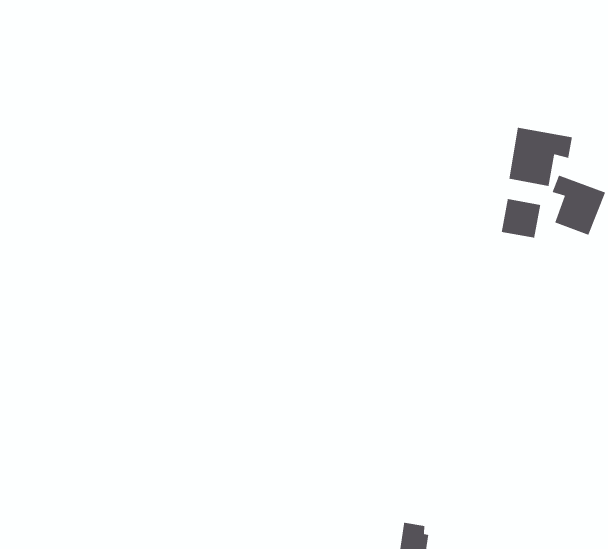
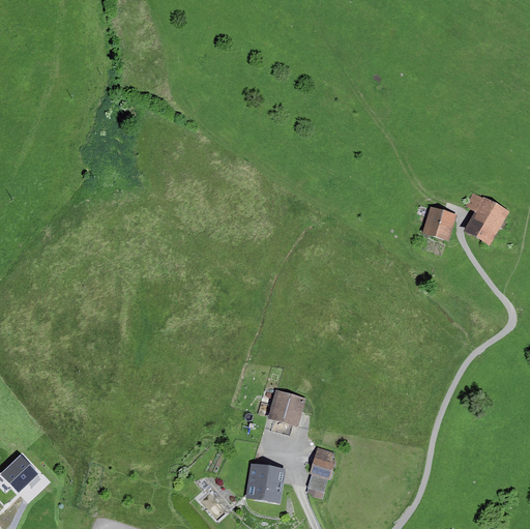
building: [508,127,573,187] -> none
building: none -> [267,389,305,425]

